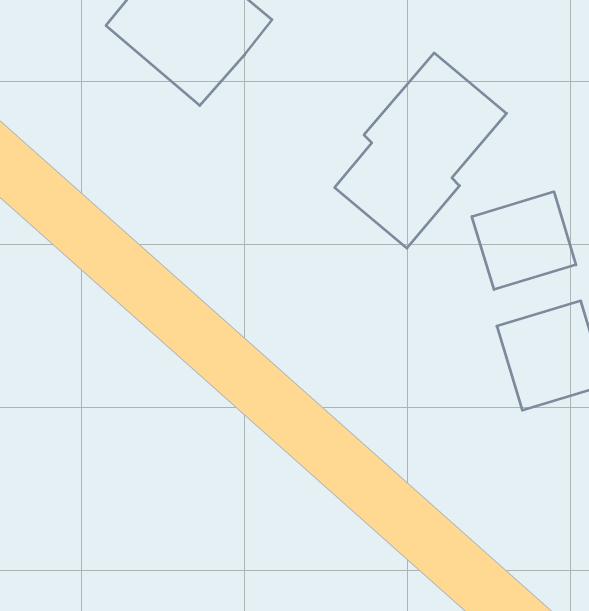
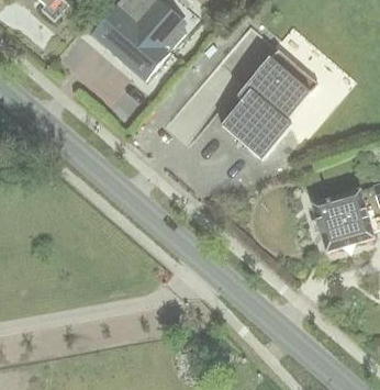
building: [472,192,576,290] -> none

